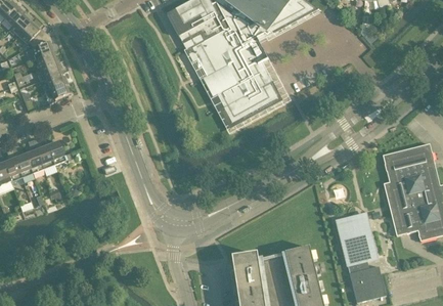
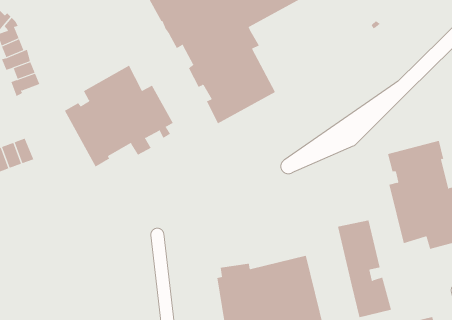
building: none -> [64,65,174,168]

